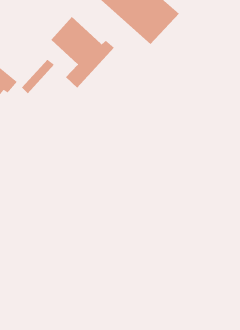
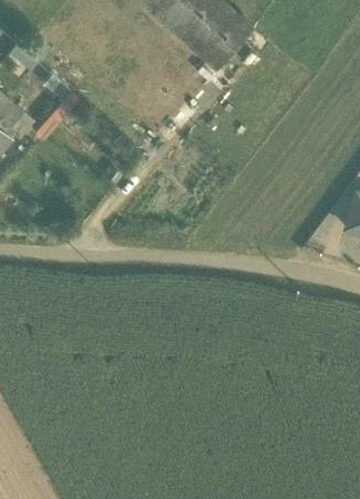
building: [50,16,115,88] -> none

